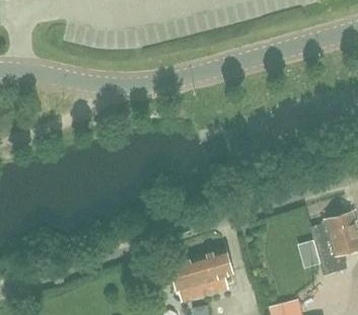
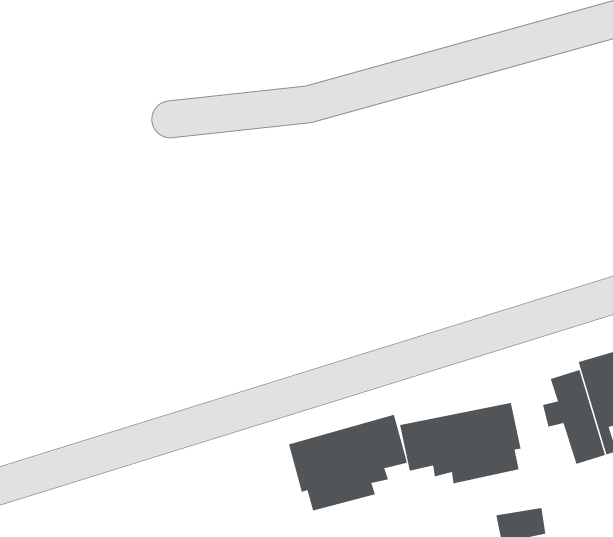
building: none -> [400,402,521,484]

